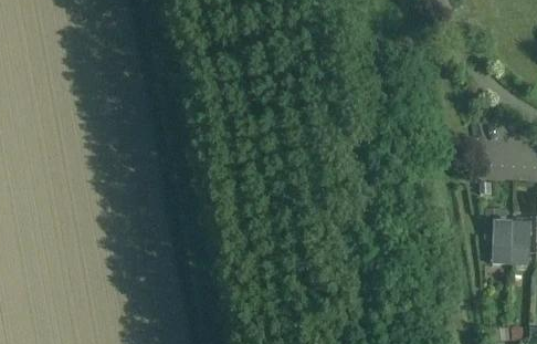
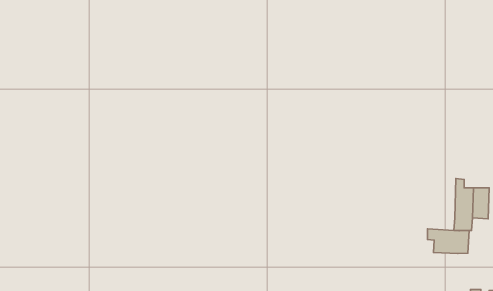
building: none -> [427,229,469,254]

